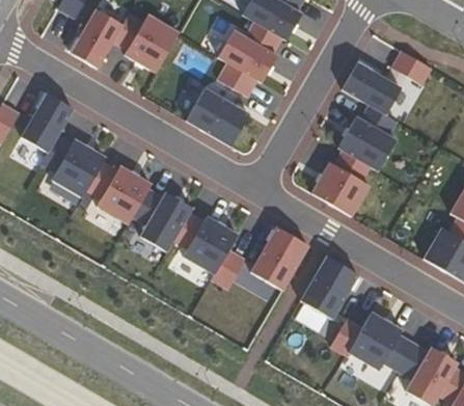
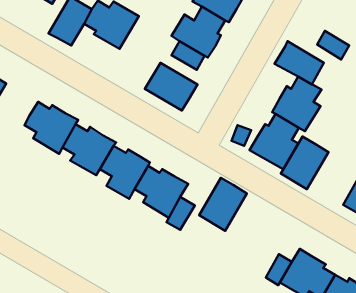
building: [21,92,74,152] -> none
building: [301,255,358,319] -> [281,136,328,189]

